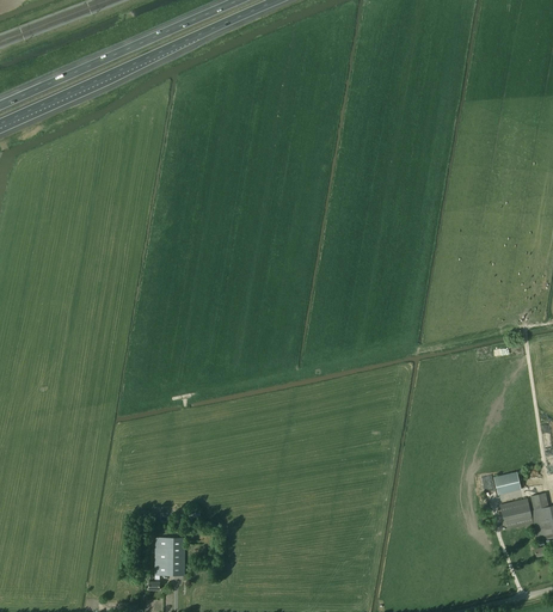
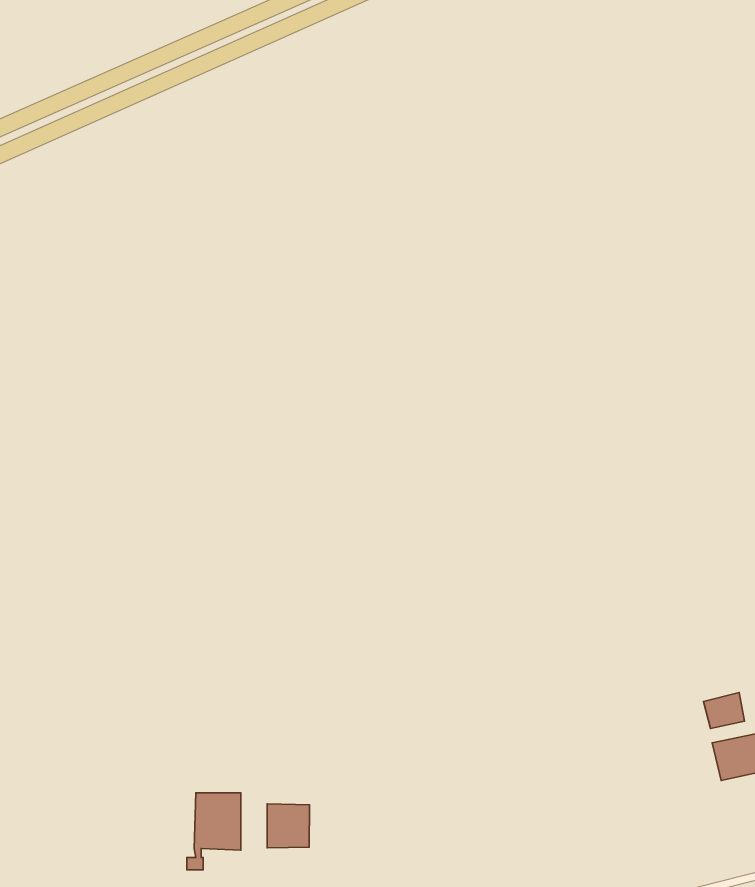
building: none -> [267,804,310,848]

